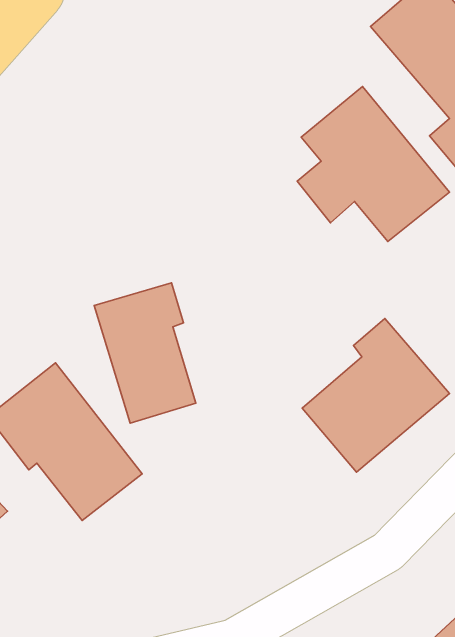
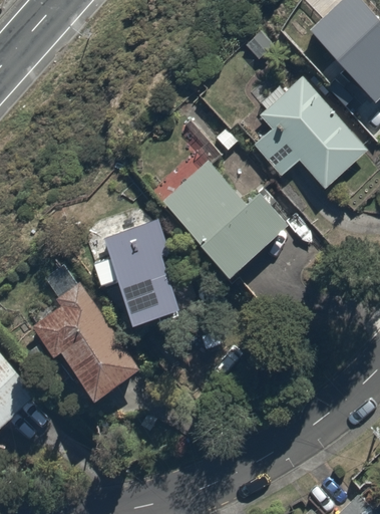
building: none -> [161,159,293,280]
building: [302,319,450,472] -> none

